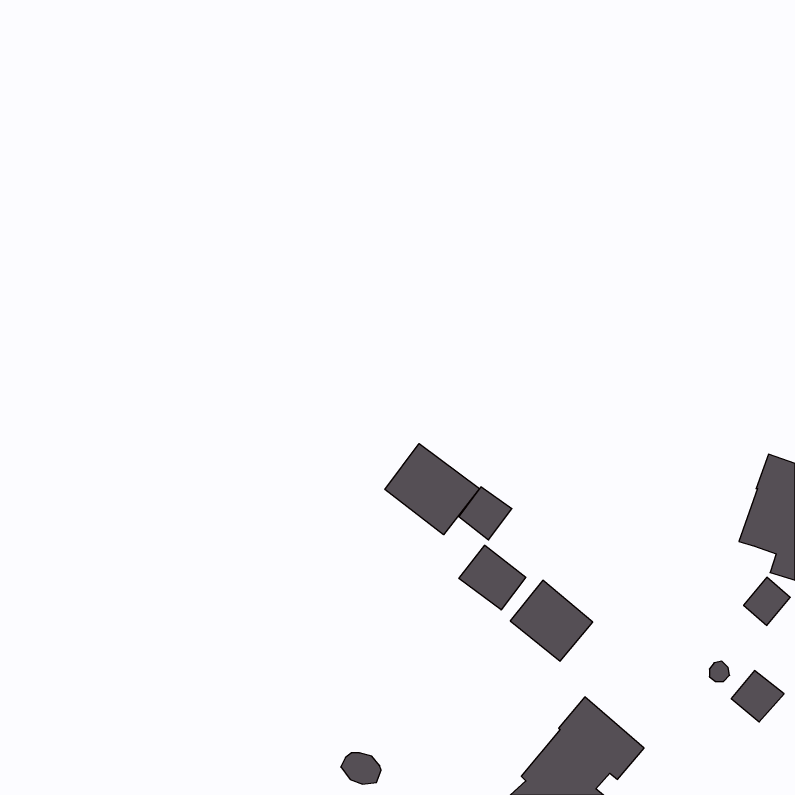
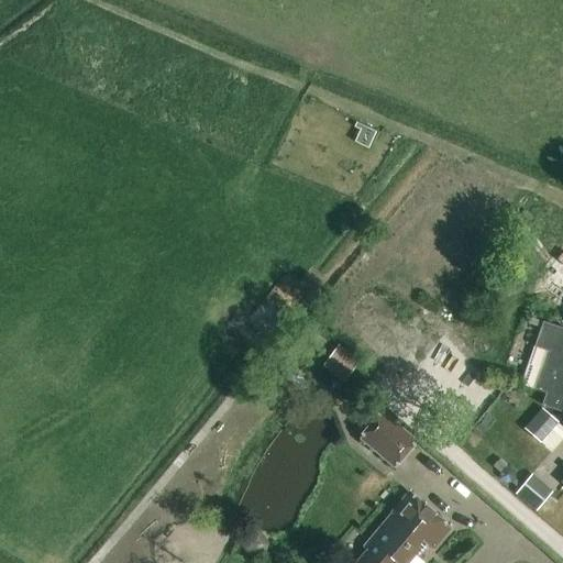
building: [385,444,479,535] -> none
building: [459,545,526,610] -> none

